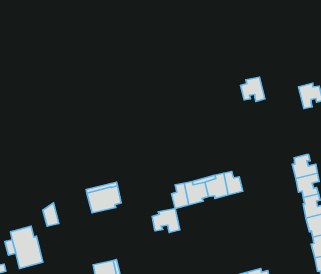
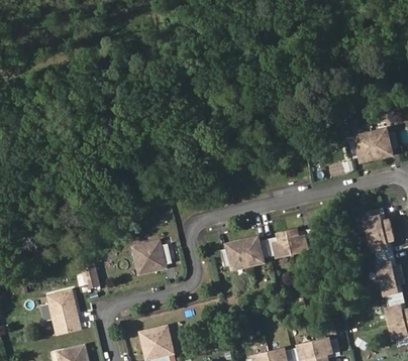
building: [240,77,265,102] -> [348,133,376,160]
building: [152,208,180,233] -> none

